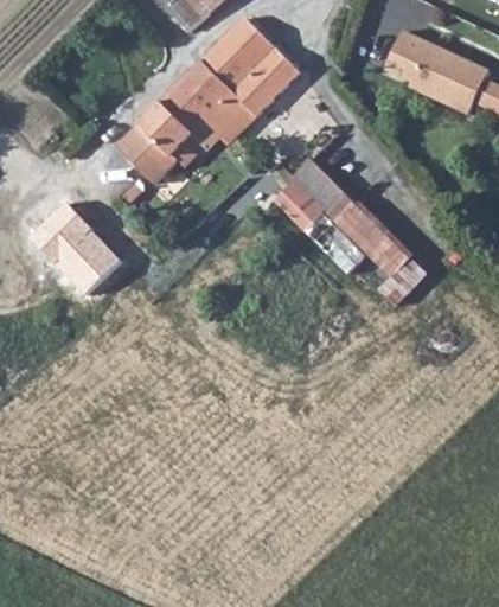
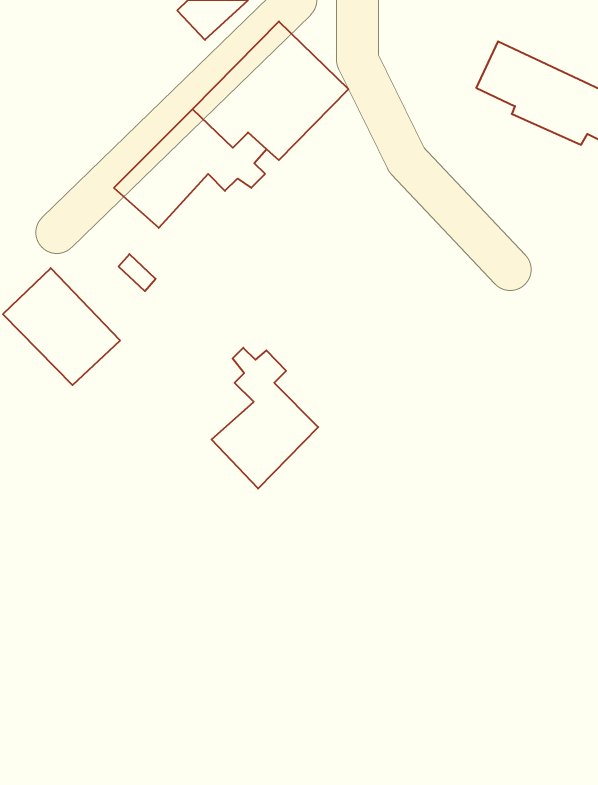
building: [274,156,424,301] -> none
building: none -> [212,348,318,489]

